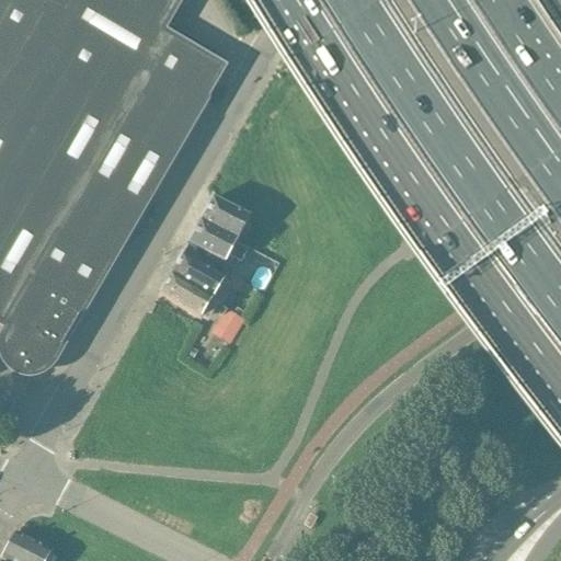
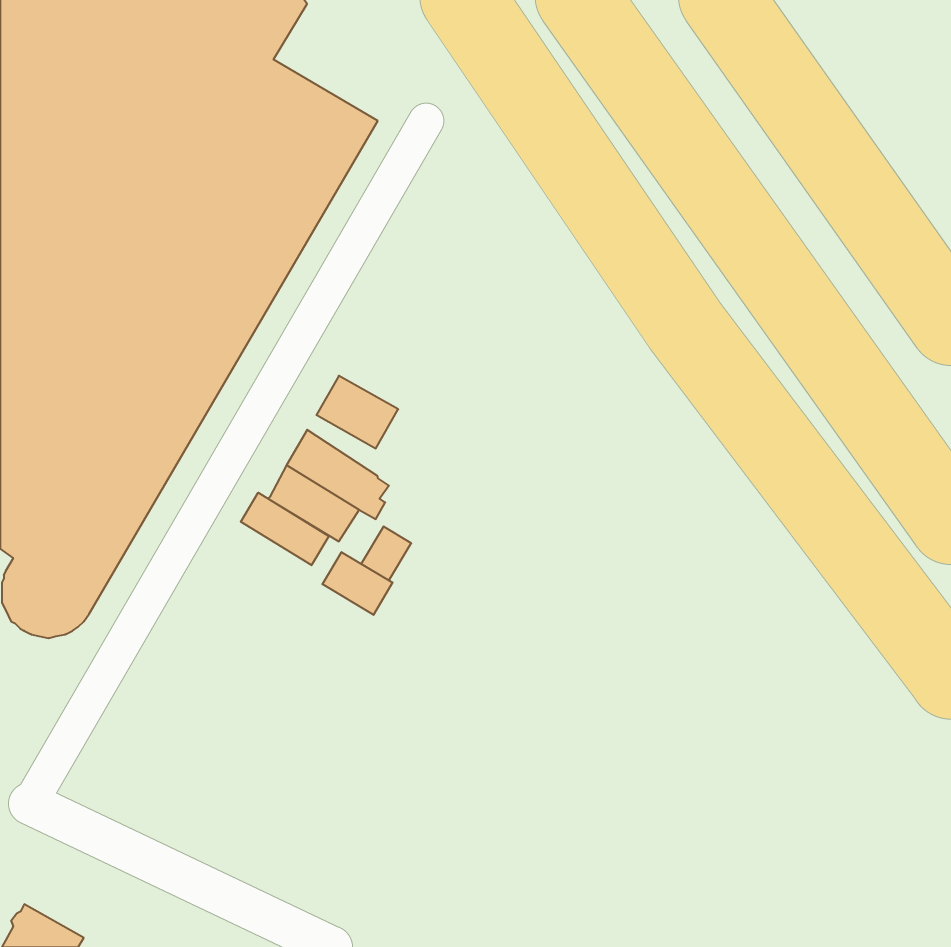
building: [199,198,247,241] -> none
building: none -> [241,493,329,565]
building: none -> [322,552,393,615]

